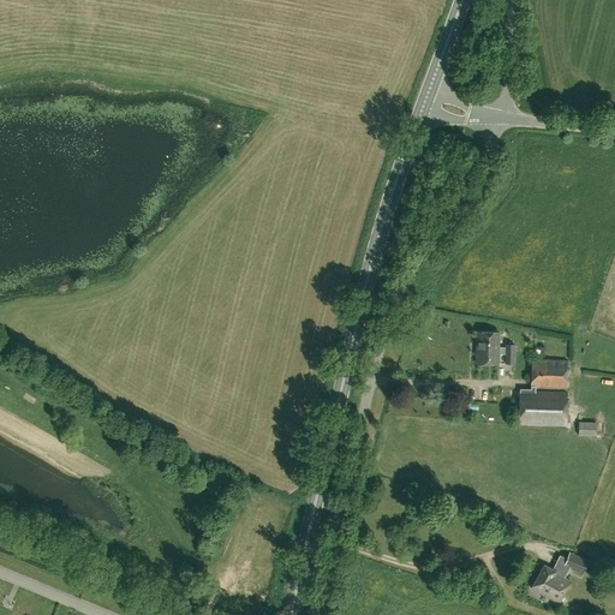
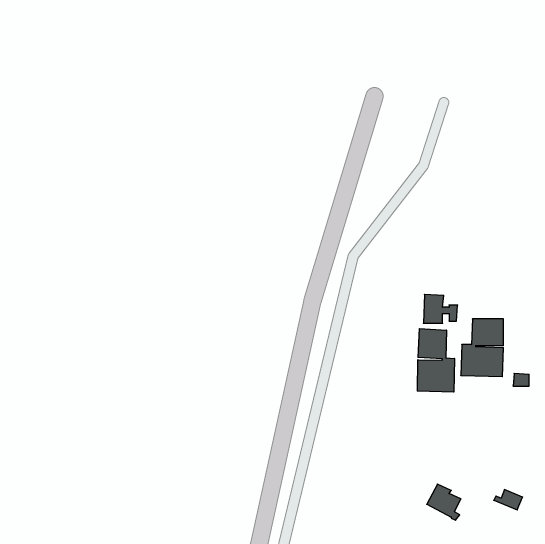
building: none -> [417,329,454,392]
building: [532,565,571,605] -> [427,484,461,520]

